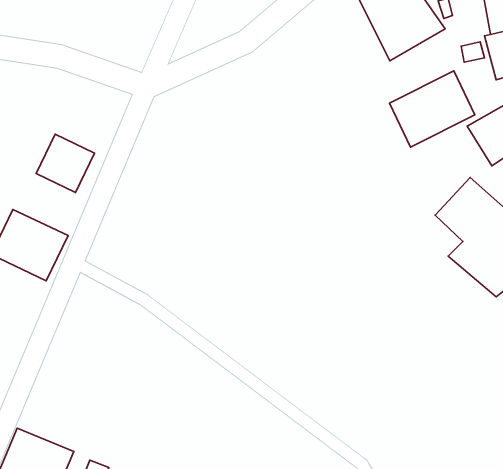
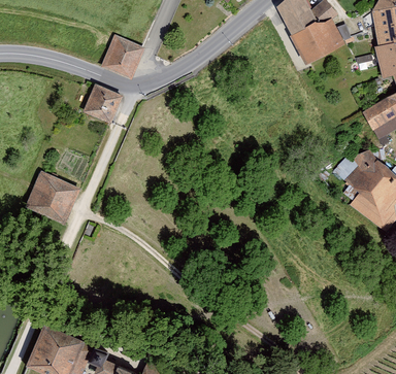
building: none -> [102,38,143,78]
building: [389,71,475,147] -> none
building: [36,134,95,192] -> [81,82,123,124]

